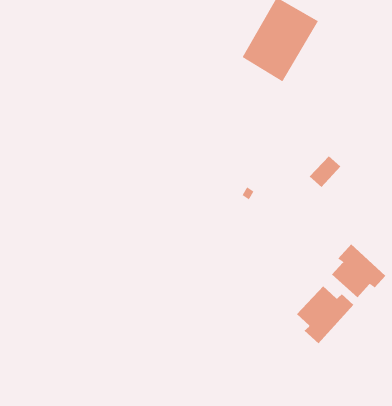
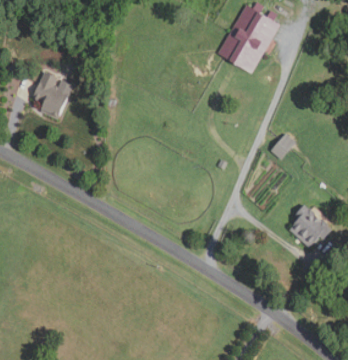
building: none -> [32,70,73,118]
building: [296,285,354,344] -> none

